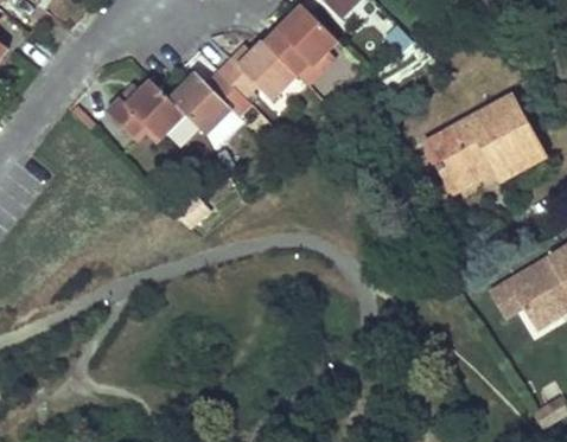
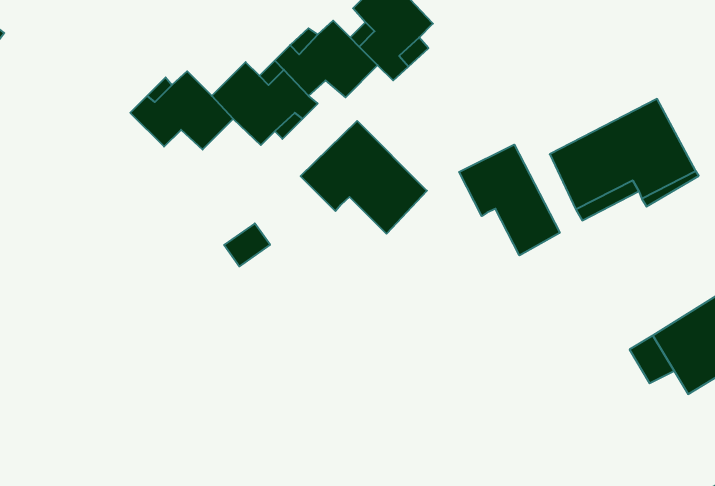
building: none -> [301,121,427,234]
building: none -> [459,145,560,255]

